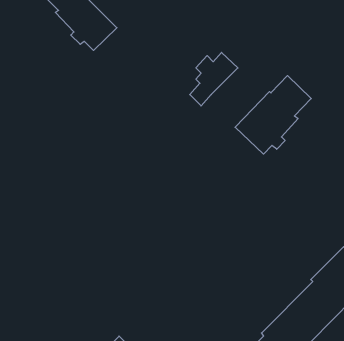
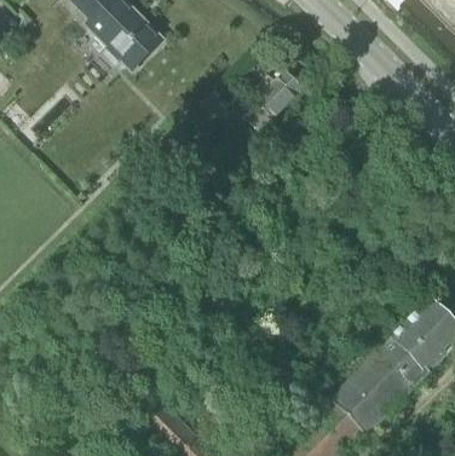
building: [235,76,311,154] -> none

